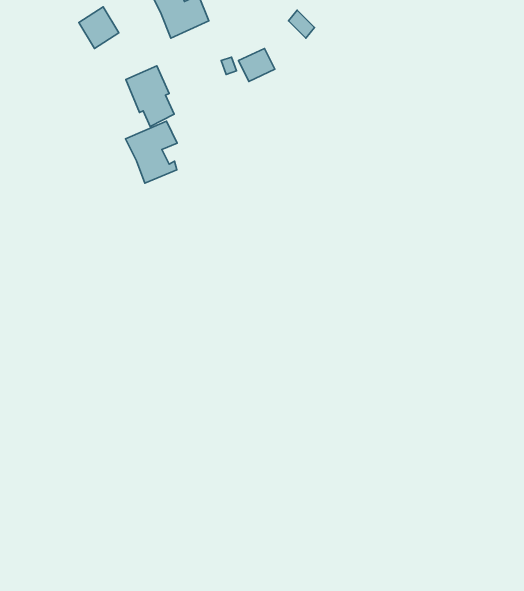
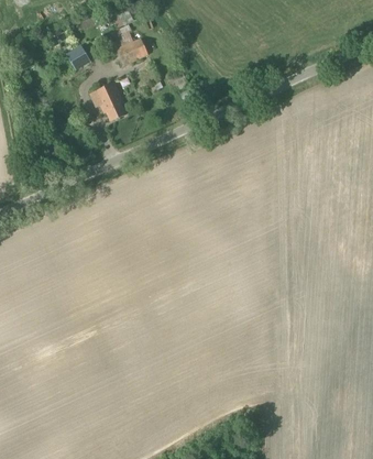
building: [125,121,177,183] -> none

